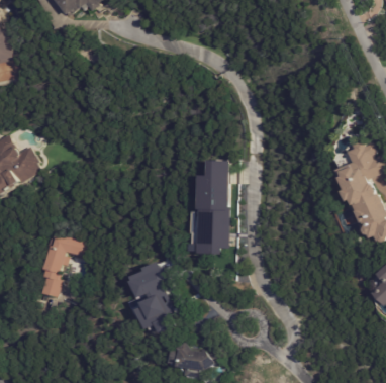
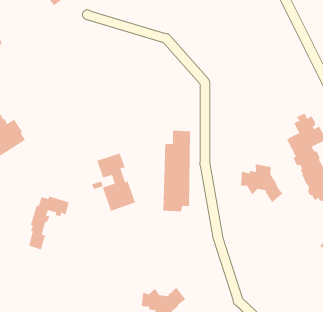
building: none -> [241,163,283,203]
building: [123,266,175,333] -> [91,153,136,211]

